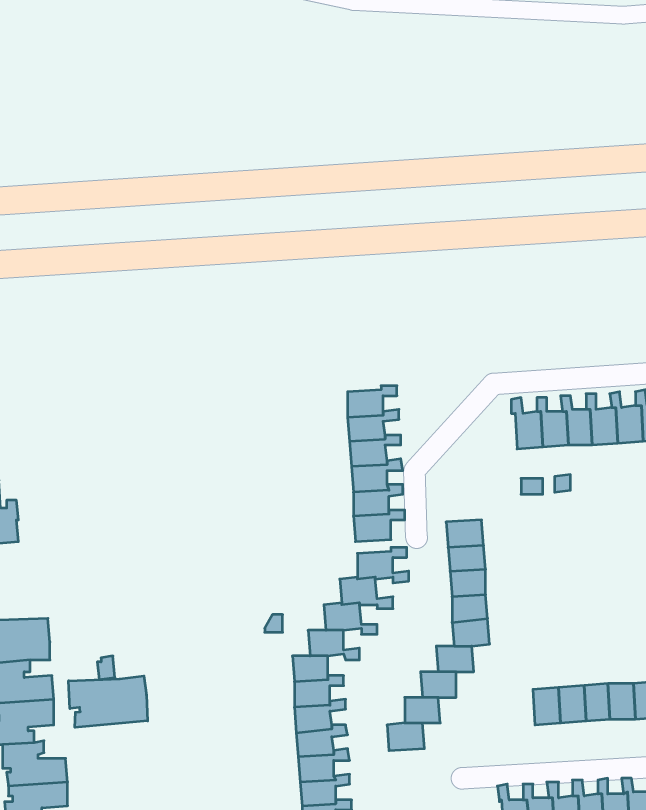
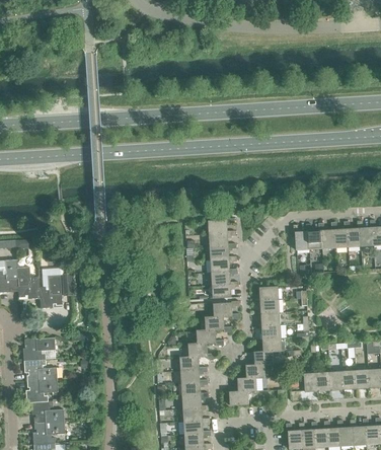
building: none -> [37,275,61,308]
building: [69,676,148,727] -> none

